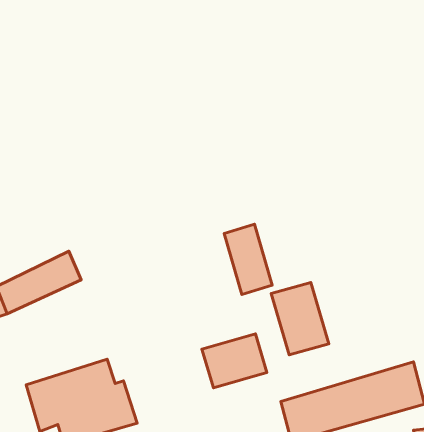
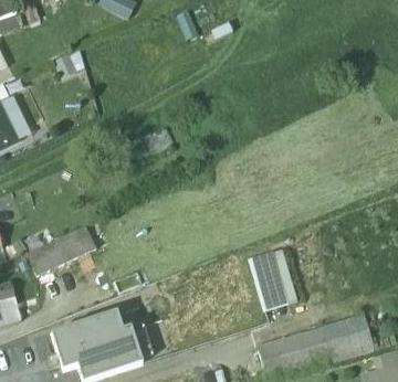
building: [224,224,272,295] -> none
building: [202,334,267,388] -> none

